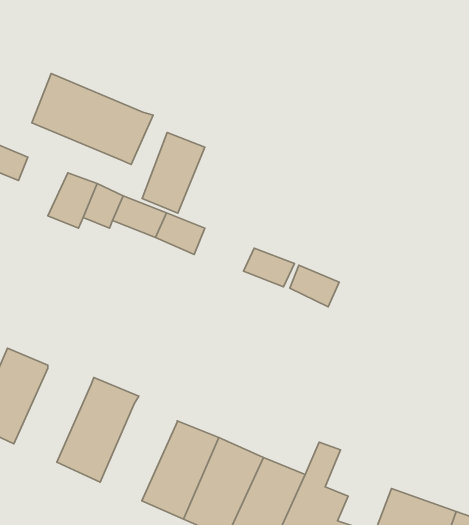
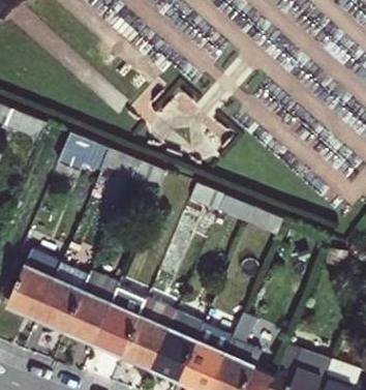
building: [32,73,153,165] -> none
building: [142,132,205,213] -> none
building: none -> [34,266,86,329]
building: none -> [92,290,144,355]

